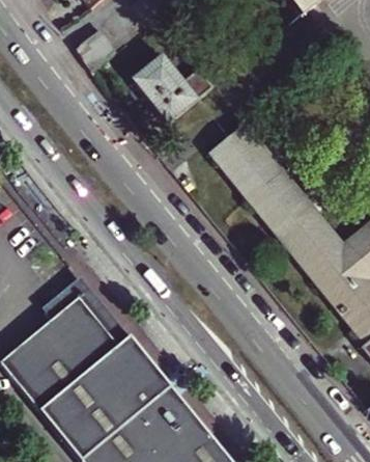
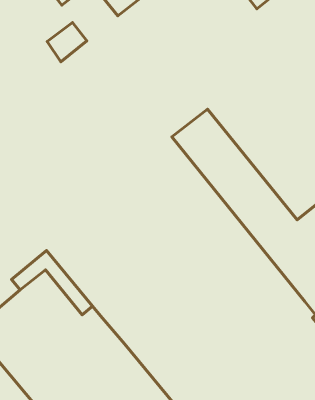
building: [132,55,215,124] -> none

